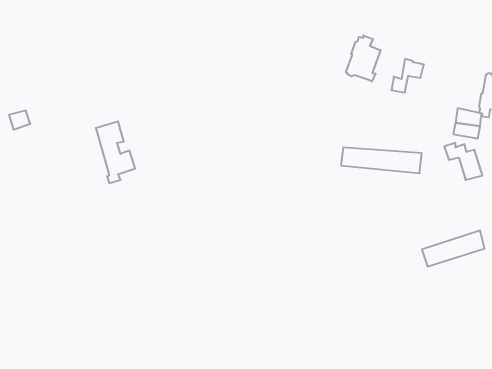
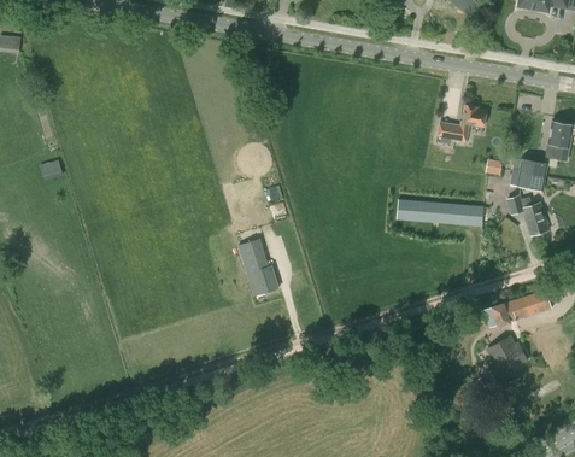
building: [346,35,381,81] -> none
building: [96,121,135,183] -> [237,236,280,303]
building: none -> [488,336,528,377]

